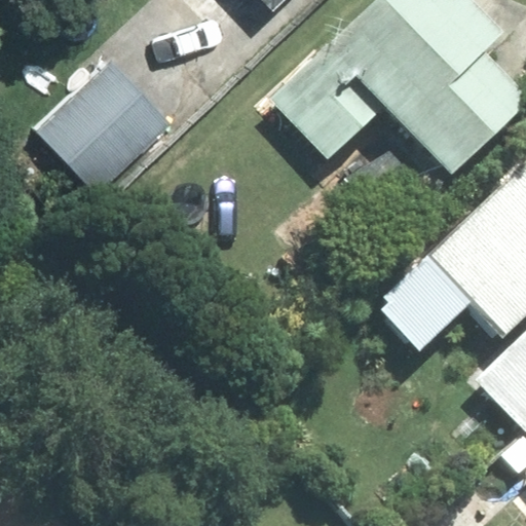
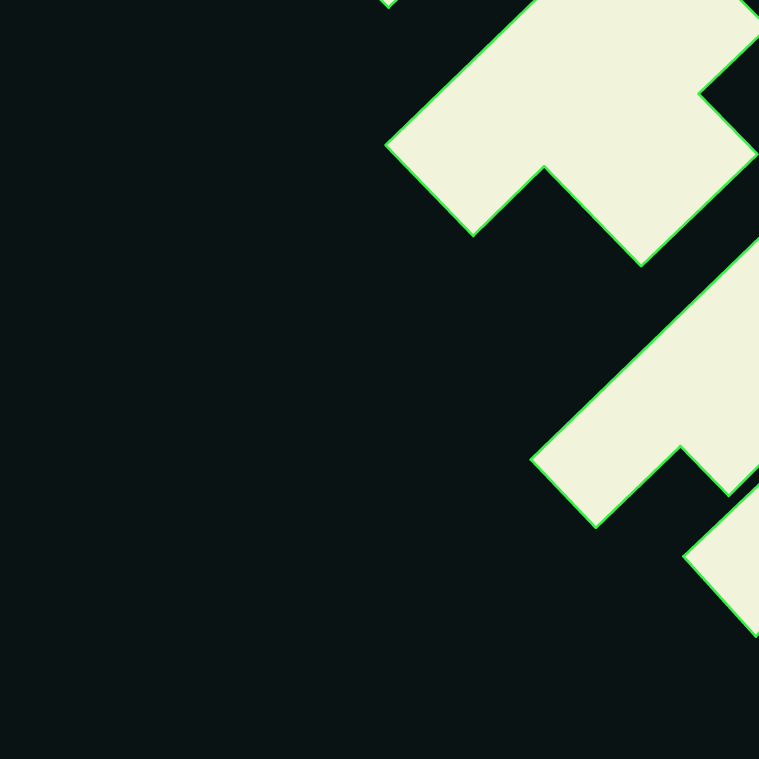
building: [35,46,176,188] -> none

